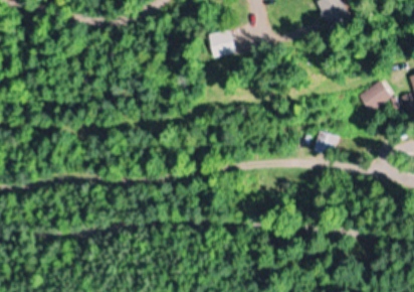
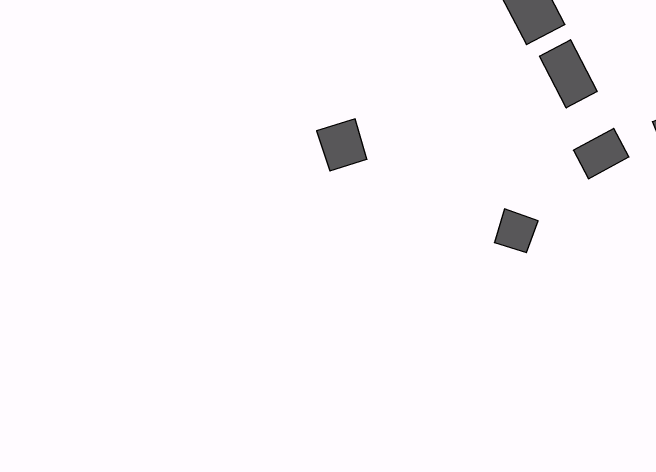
building: [207,27,237,58] -> [317,119,367,171]
building: none -> [540,40,597,108]

